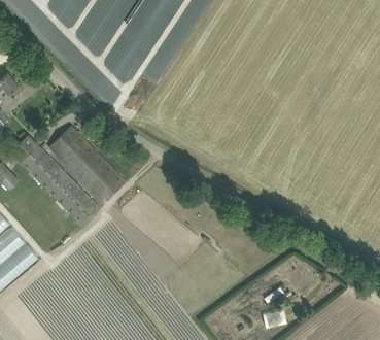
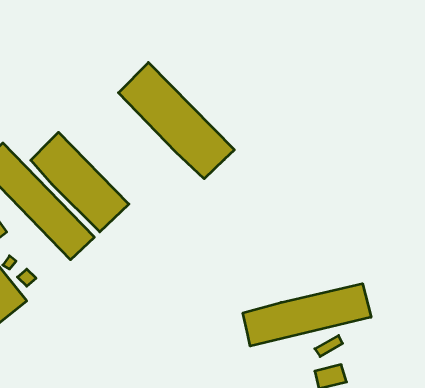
building: none -> [118,62,234,179]
building: none -> [243,284,371,346]

